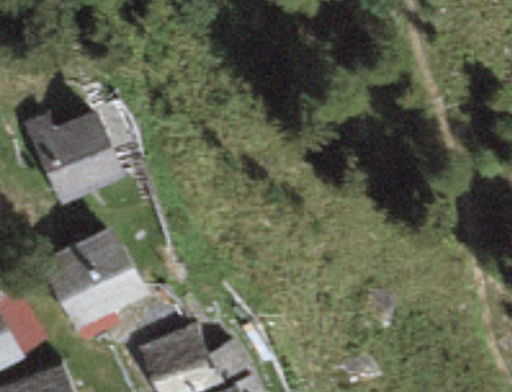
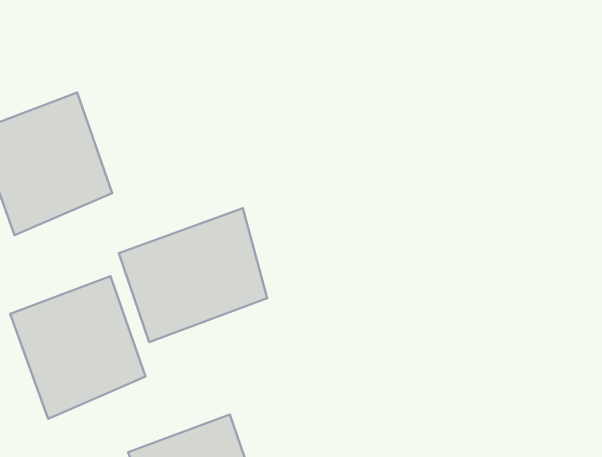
building: none -> [119,208,267,342]

